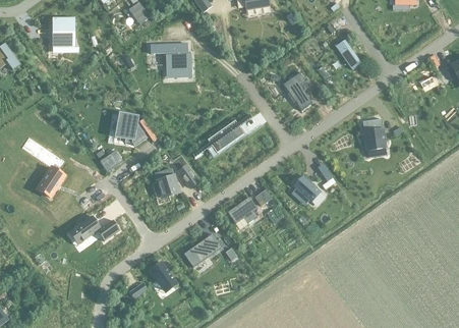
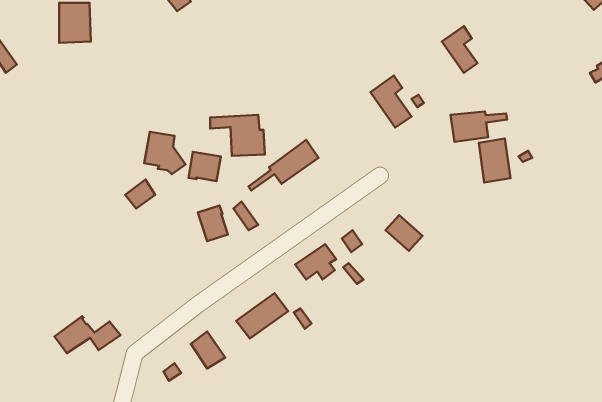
building: [150,43,190,73] -> [210,115,265,156]
building: none -> [450,111,507,142]
building: none -> [189,152,221,181]
building: [36,167,63,197] -> none
building: [70,215,119,242] -> [55,316,120,353]

